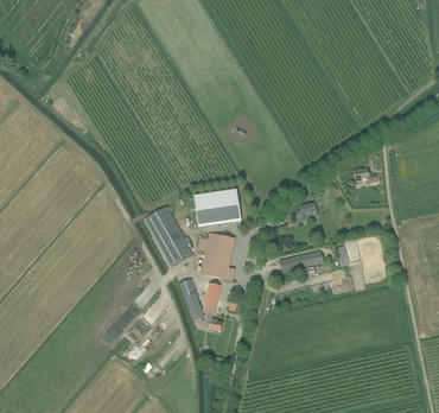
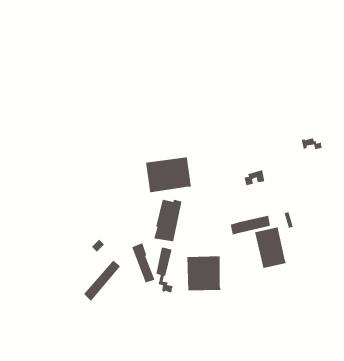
building: [146,204,193,265] -> none
building: none -> [254,227,287,269]
building: none -> [186,256,222,291]

